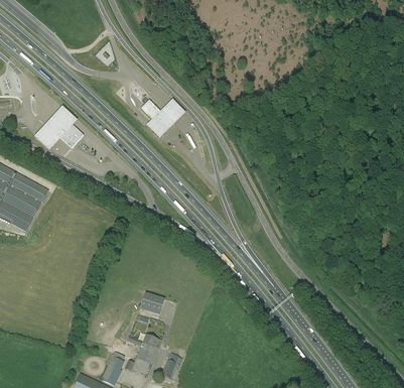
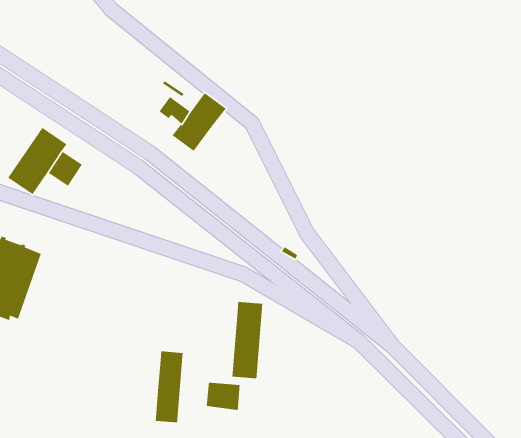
building: none -> [232,301,263,379]
building: none -> [155,351,184,423]

